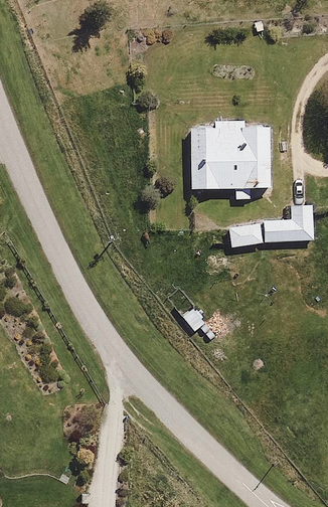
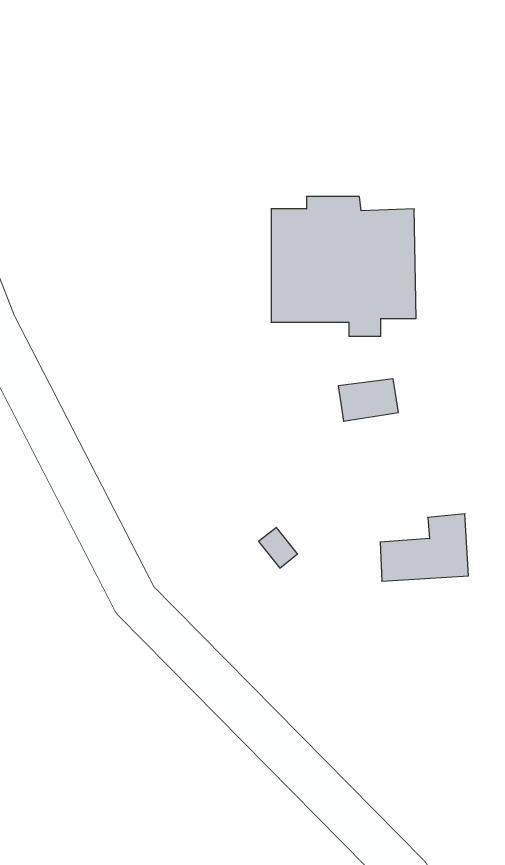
building: [262,204,312,242] -> [380,514,468,581]

